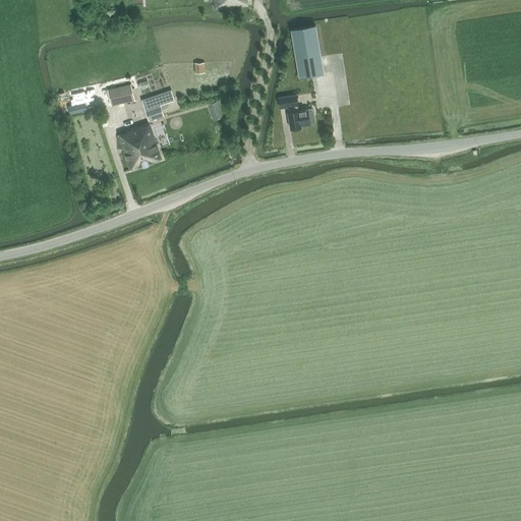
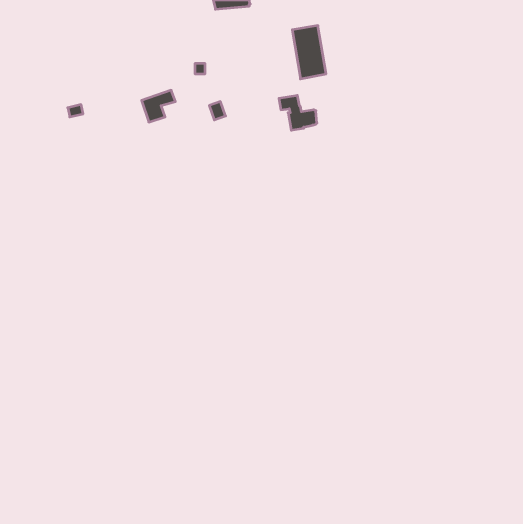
building: [106,83,134,106] -> none
building: [117,122,162,171] -> none

